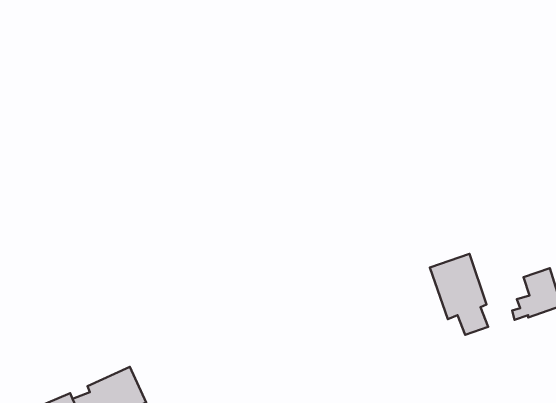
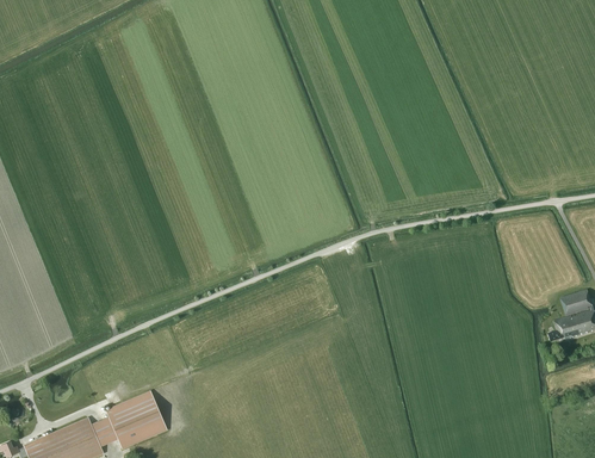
building: [430,254,488,335] -> none

